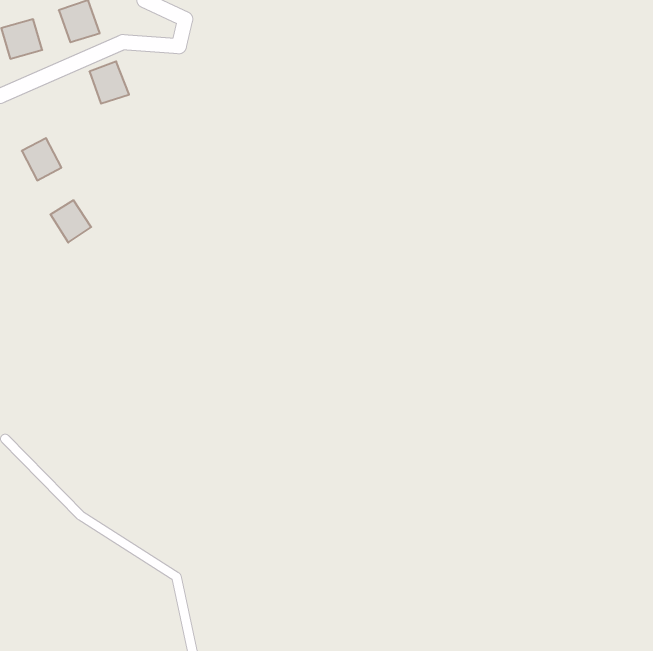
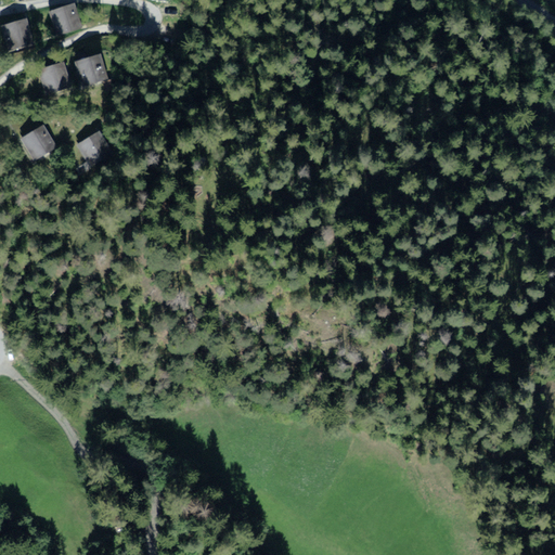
building: none -> [37,60,69,94]
building: [50,200,91,243] -> [75,130,109,166]

